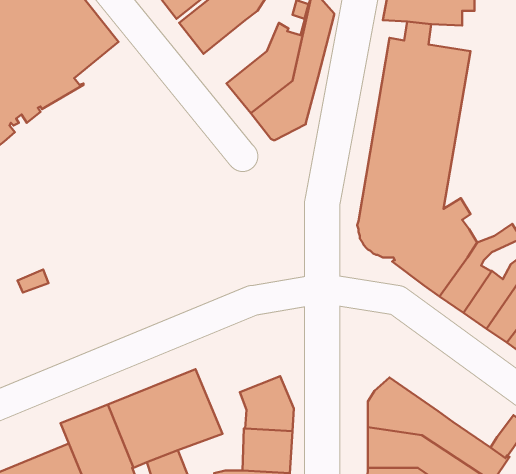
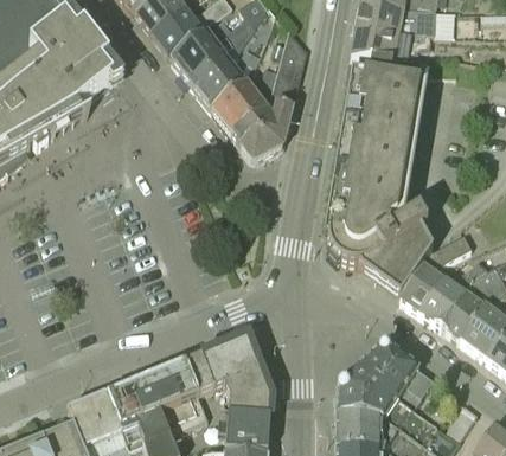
building: none -> [192,46,261,111]
building: none -> [200,336,260,387]
building: none -> [356,349,433,409]

